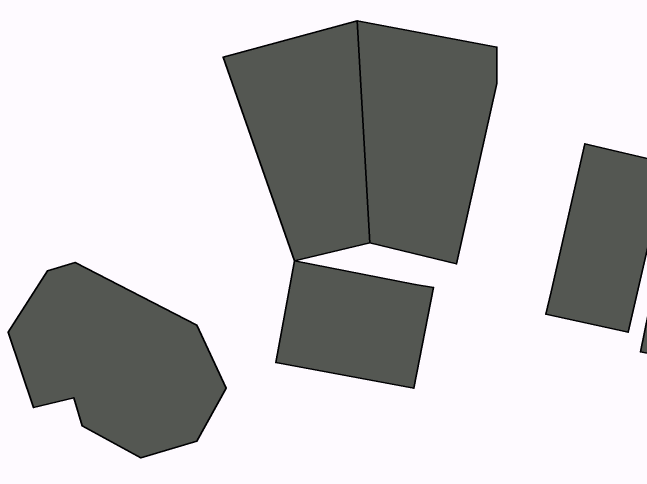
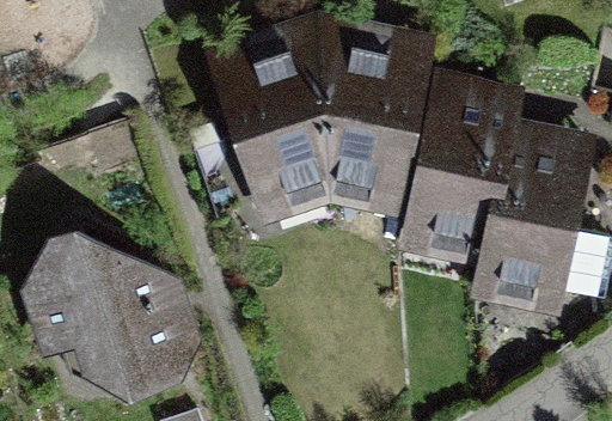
building: none -> [400,75,519,254]
building: [276,261,433,388] -> none

